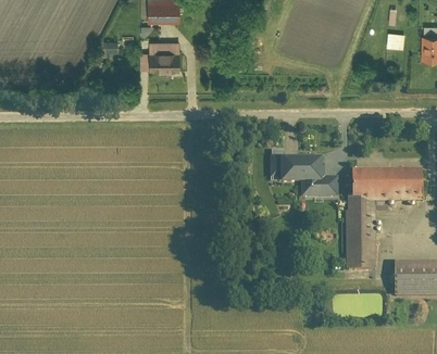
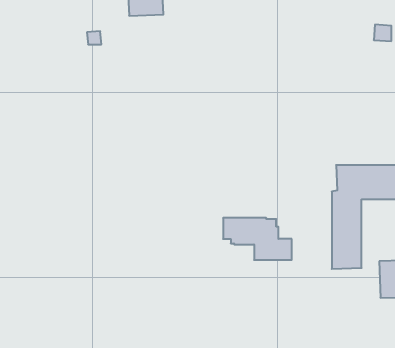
building: [147,48,173,73] -> none
building: [270,154,337,195] -> [223,218,292,260]

